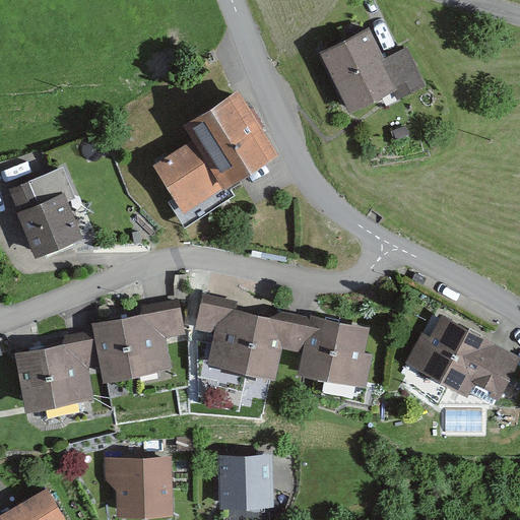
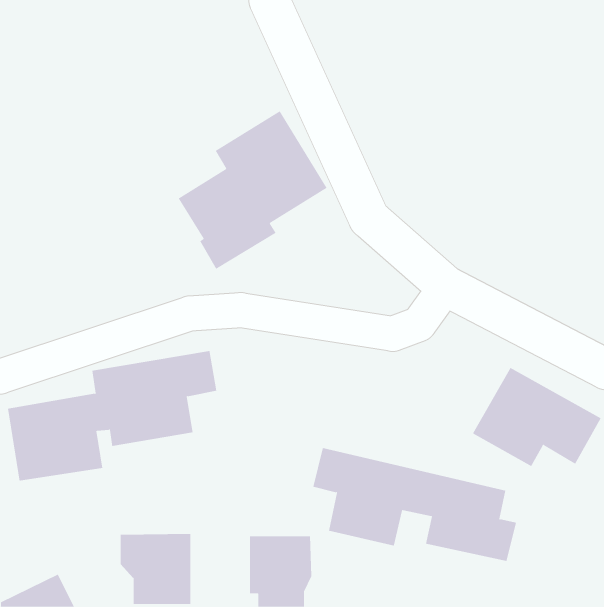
building: [316,29,424,118] -> none
building: [11,171,86,261] -> none
building: [199,291,374,389] -> [313,448,517,562]

